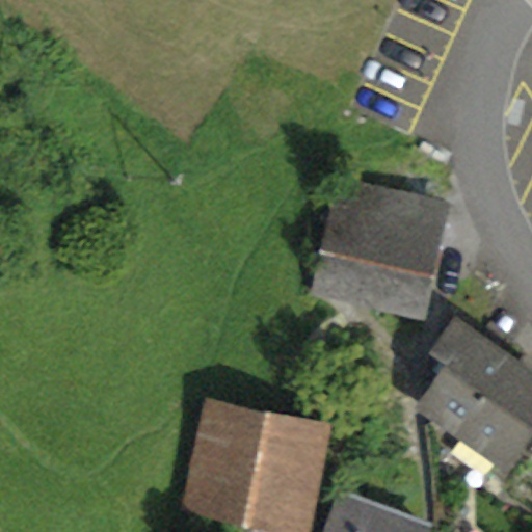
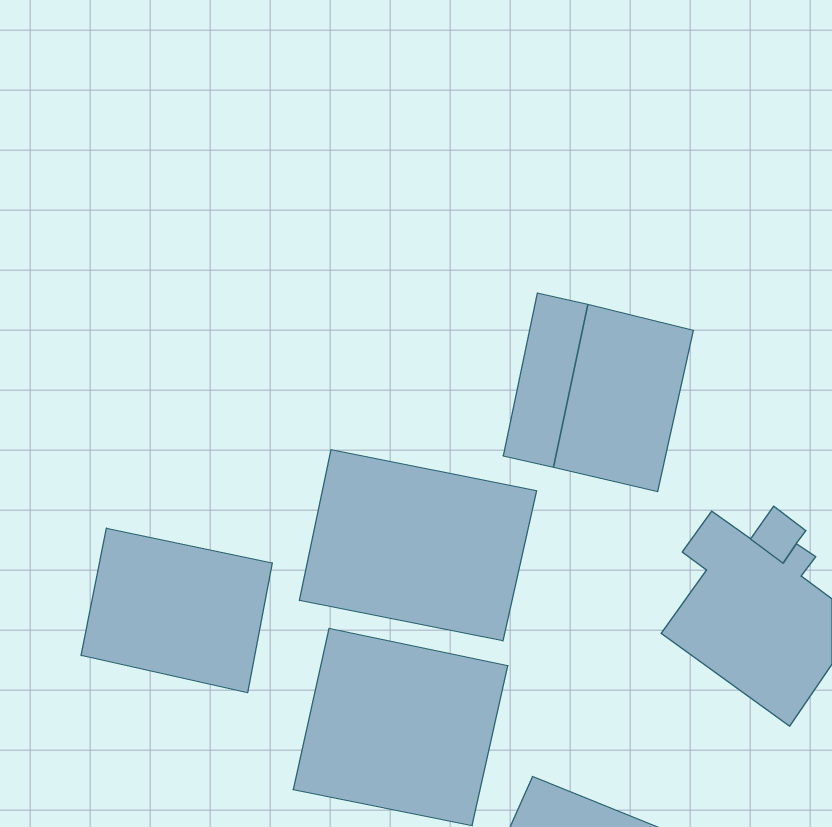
building: none -> [300,450,536,641]
building: none -> [81,528,272,693]

